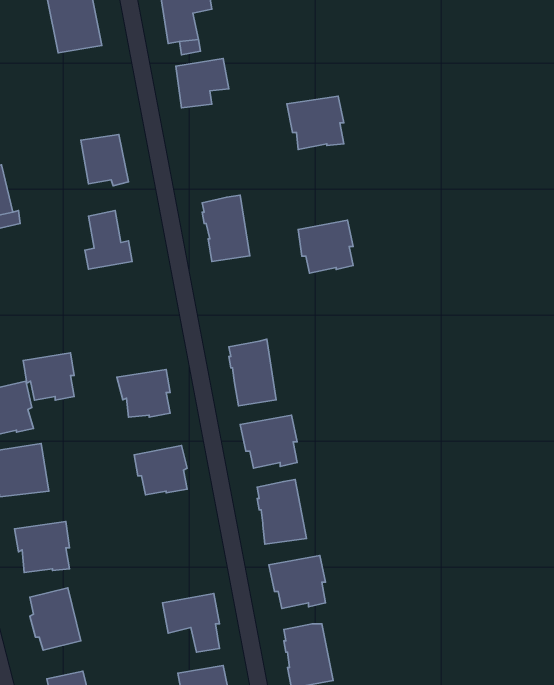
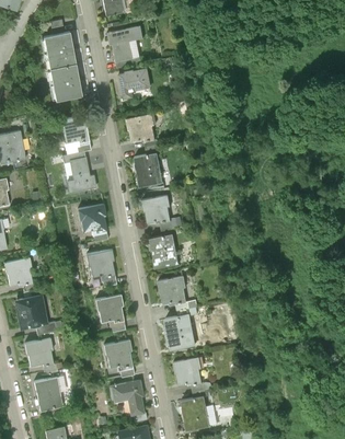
building: none -> [50,62,82,100]
building: [287,96,344,149] -> [124,112,157,142]
building: [298,220,353,273] -> [142,195,174,226]
building: [23,353,74,400] -> [73,205,103,232]
building: none -> [102,337,133,365]

